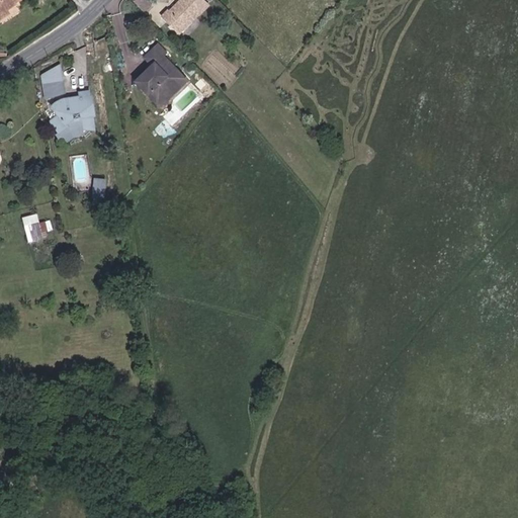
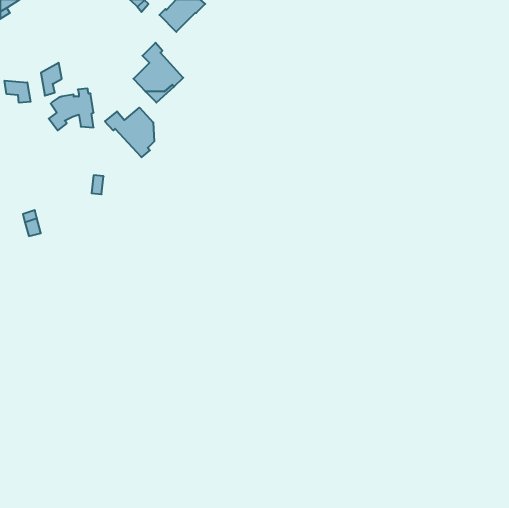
building: none -> [5,81,31,103]
building: none -> [105,108,154,157]

